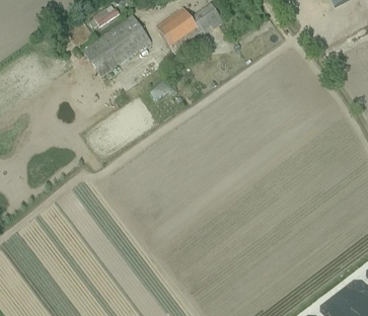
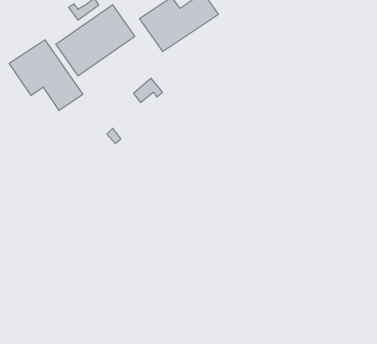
building: none -> [9,40,83,110]

